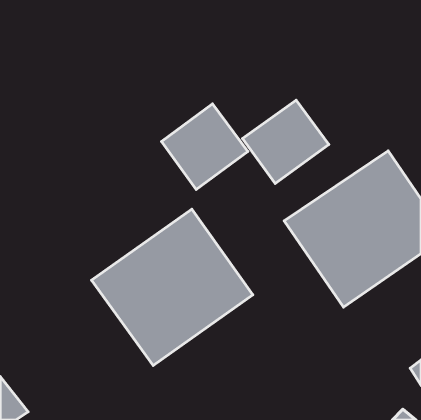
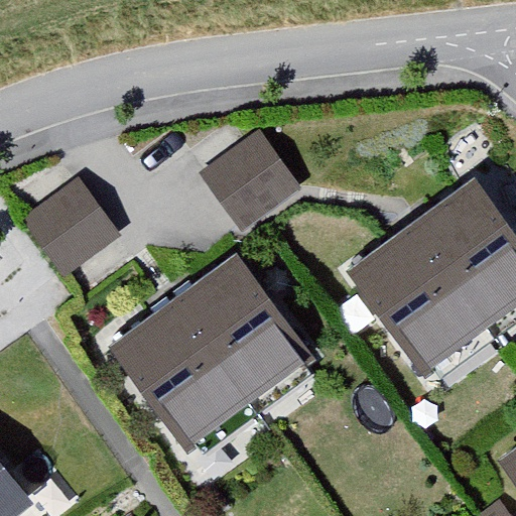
building: [243,100,329,184] -> none
building: none -> [25,175,122,272]

